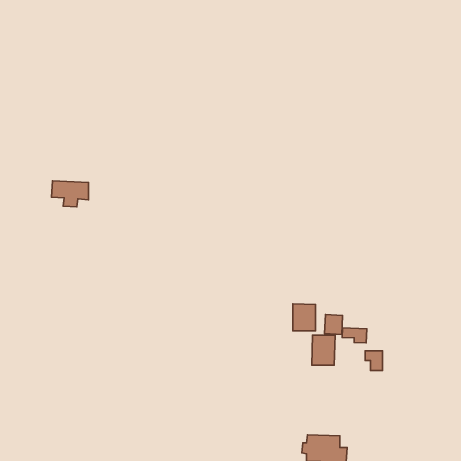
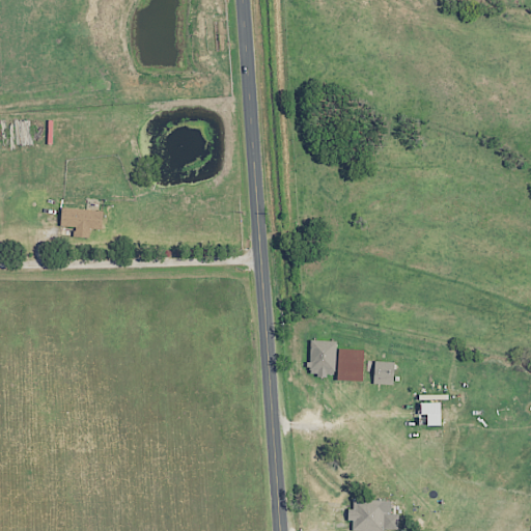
building: [342,328,367,343] -> none
building: [312,335,335,365] -> [309,341,336,375]

